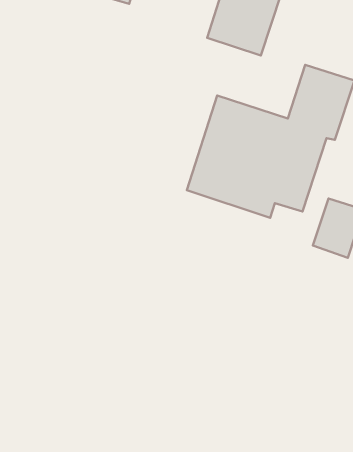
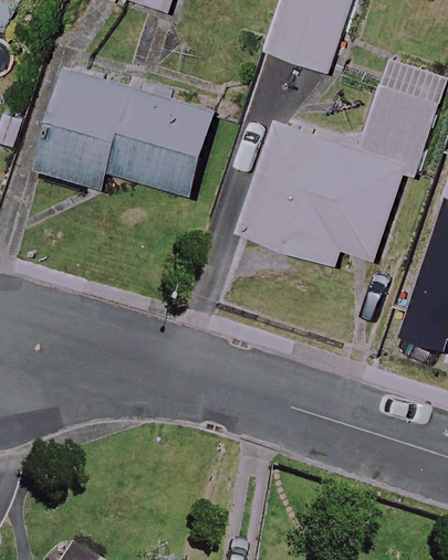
building: none -> [35,67,216,193]

